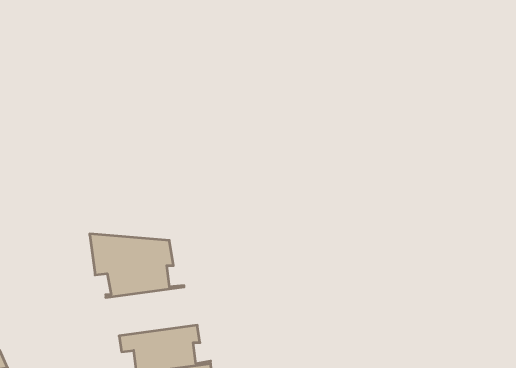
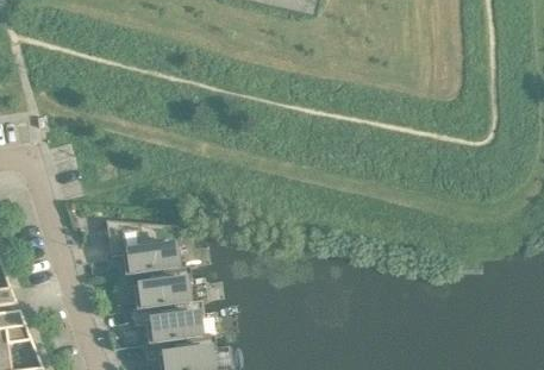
building: none -> [120,277,202,321]

